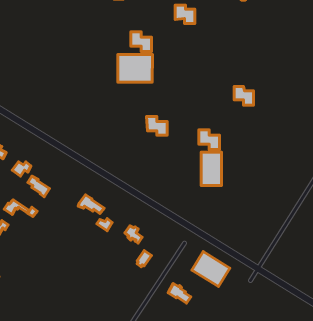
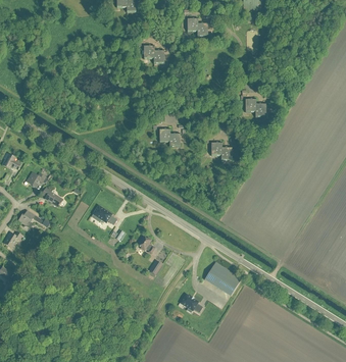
building: [118,55,152,82] -> none
building: [201,152,222,186] -> none

